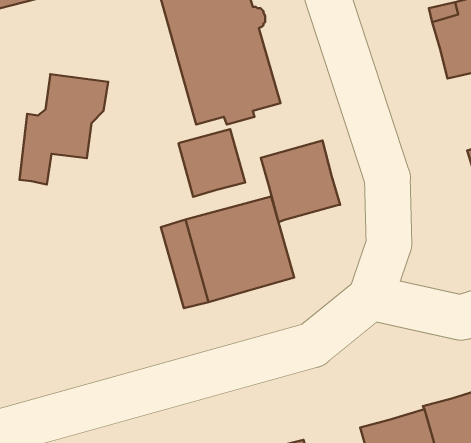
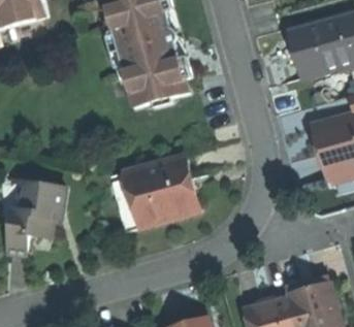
building: [19,74,108,184] -> [7,179,67,254]
building: [178,129,245,197] -> none
building: [261,141,340,222] -> none

